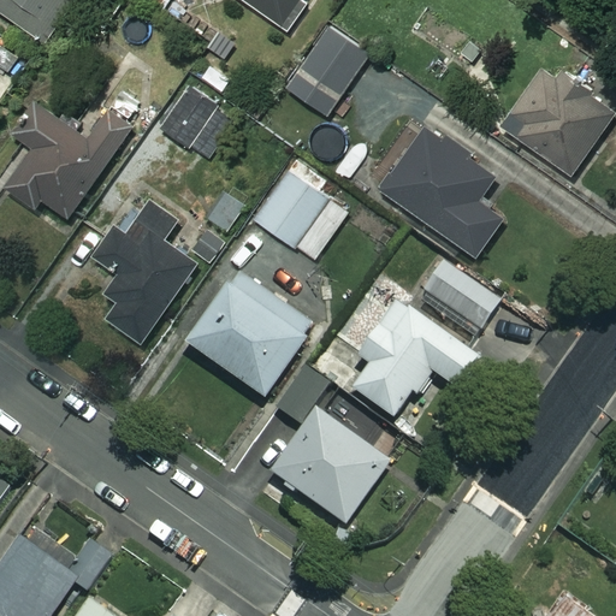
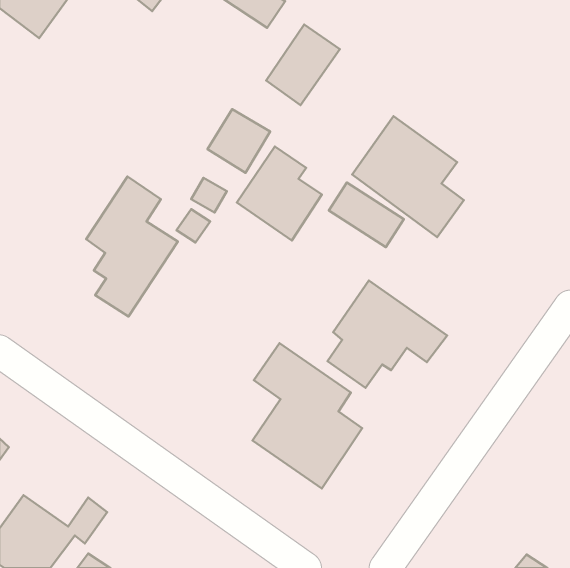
building: [499,64,609,172] -> none
building: [162,85,230,154] -> [207,109,270,173]
building: [5,105,129,215] -> none
building: [424,260,504,330] -> [329,182,404,247]
building: [188,277,315,398] -> none

